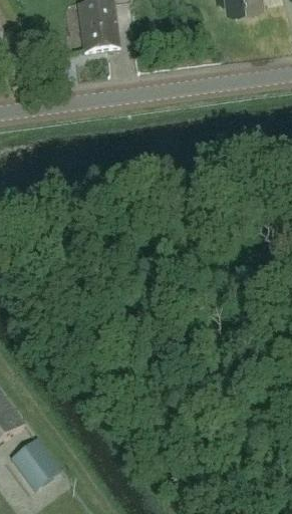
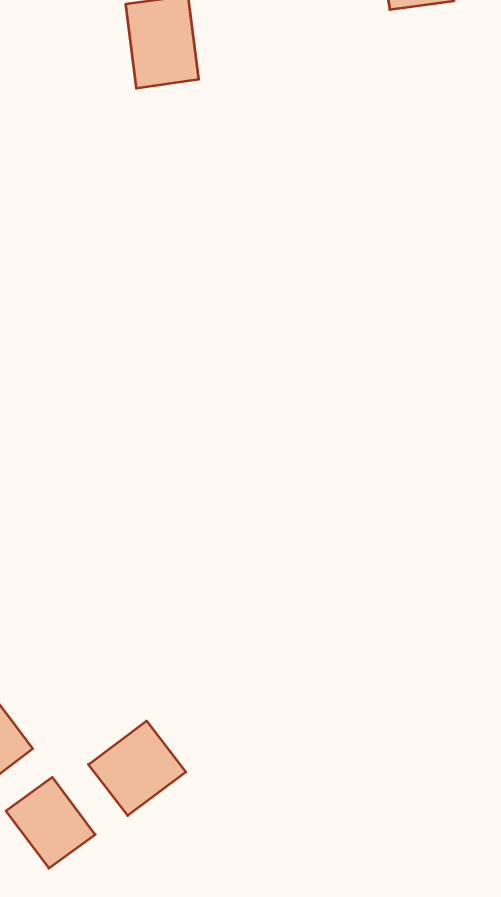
building: none -> [88,721,186,816]

